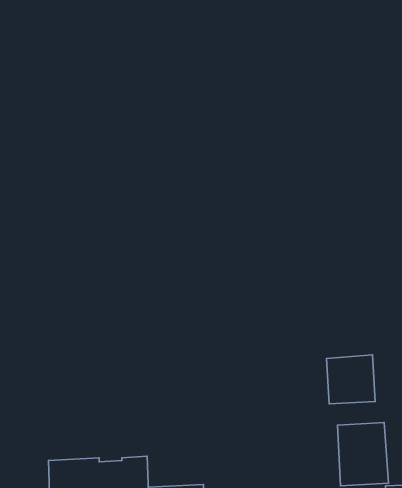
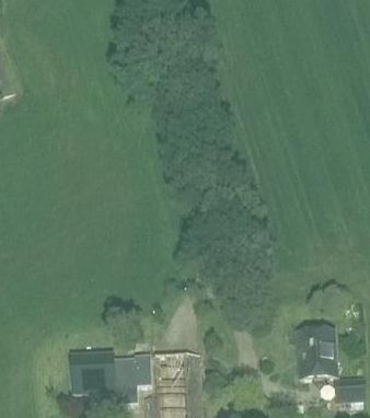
building: [326,355,375,404] -> none

